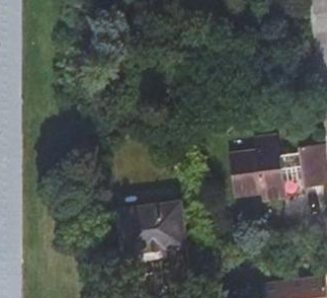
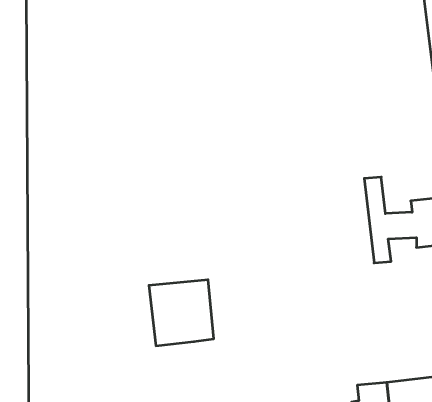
building: [227,133,270,196] -> none
building: [151,202,182,248] -> none

